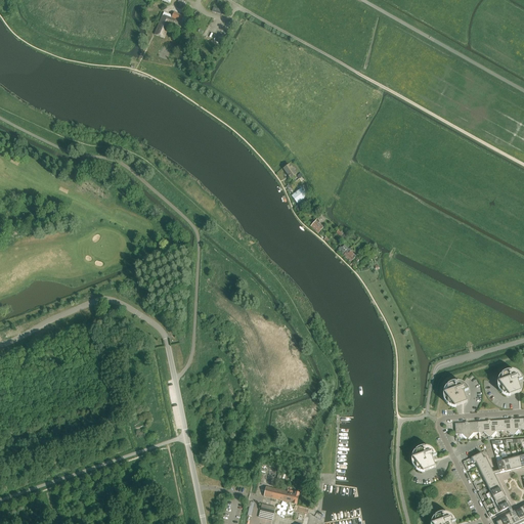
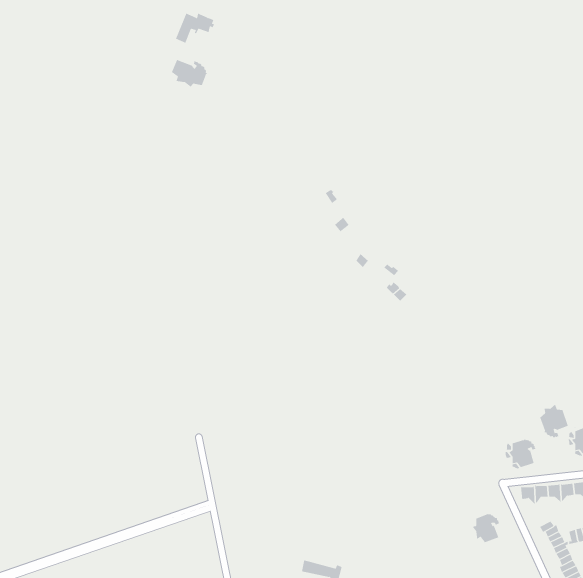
building: none -> [171,59,208,87]
building: none -> [539,404,568,438]

